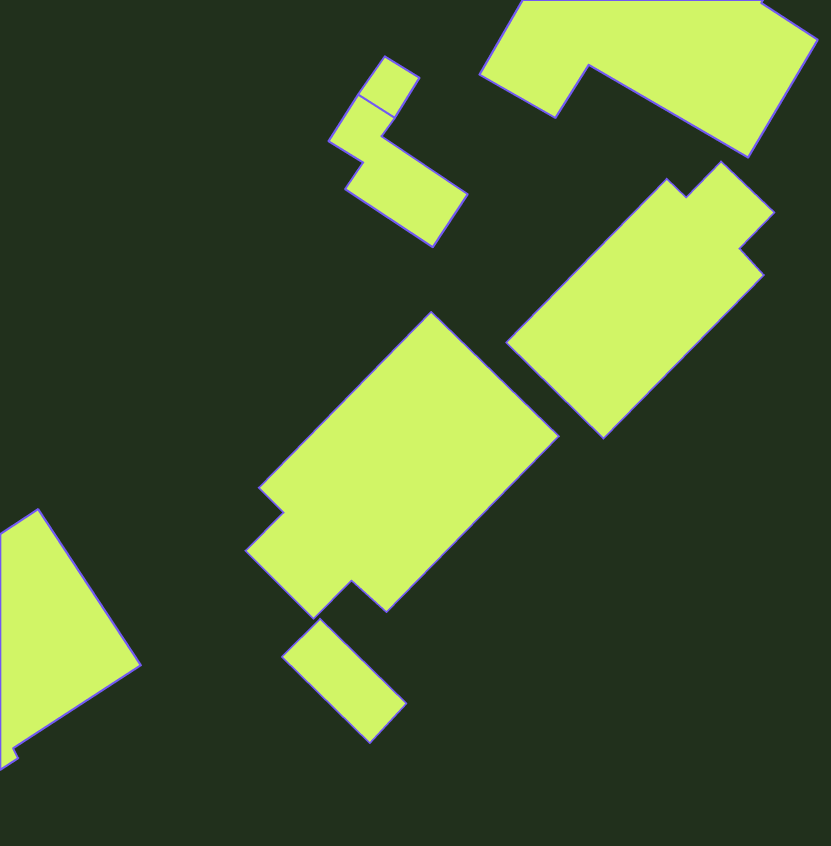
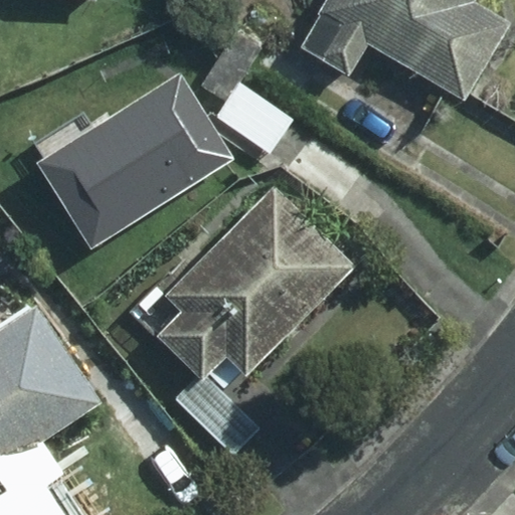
building: none -> [38,76,230,245]
building: [506,161,774,439] -> none

